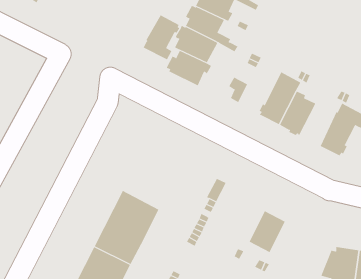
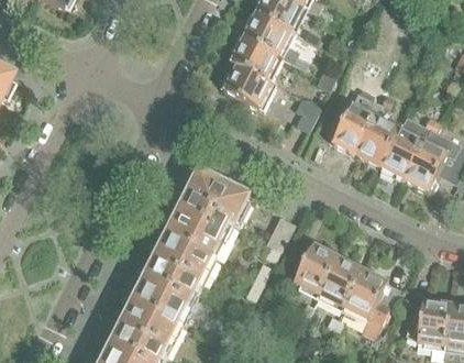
building: [143,14,180,60] -> none
building: none -> [379,116,430,179]
building: none -> [168,170,248,255]
building: none -> [294,243,338,294]
building: none -> [344,270,389,323]

